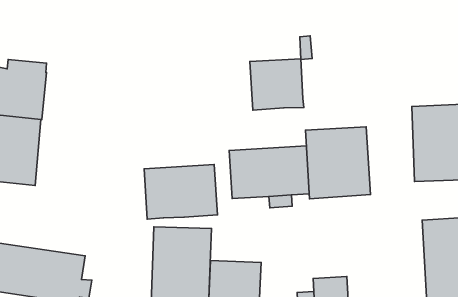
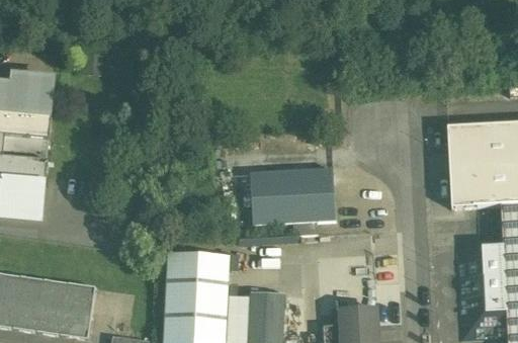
building: [250,59,304,110] -> none
building: [305,127,370,199] -> none
building: [144,164,217,219] -> none

